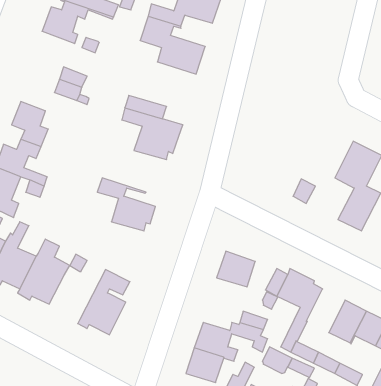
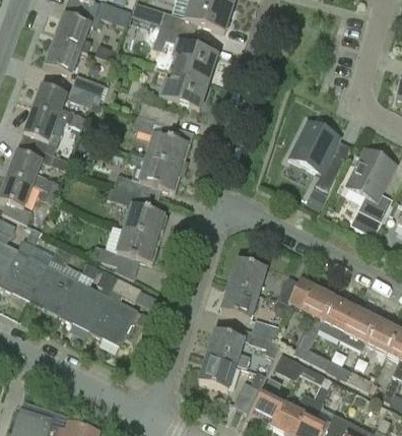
building: none -> [46,39,87,74]
building: none -> [160,69,208,109]
building: none -> [34,85,84,129]
building: none -> [287,119,349,190]
building: none -> [115,151,180,199]
building: none -> [93,229,157,264]
building: none -> [60,269,118,326]
building: none -> [220,285,259,319]
building: none -> [318,296,356,339]

